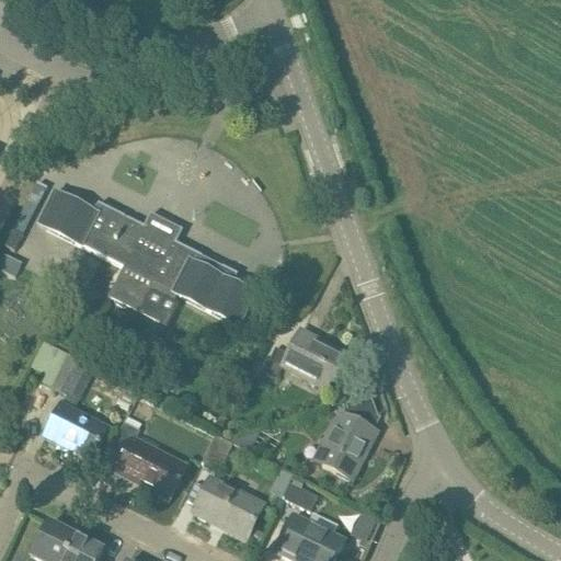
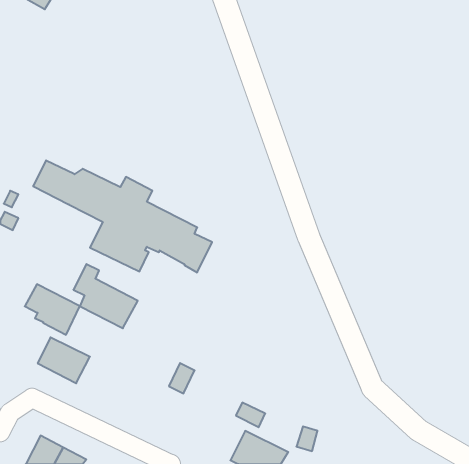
building: [262,330,347,383] -> none
building: [321,393,377,479] -> none
building: [108,421,185,497] -> [73,264,138,328]
building: [193,477,263,538] -> none

